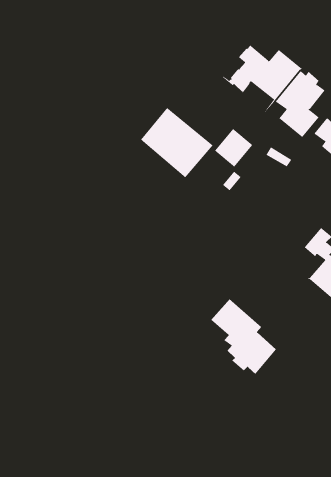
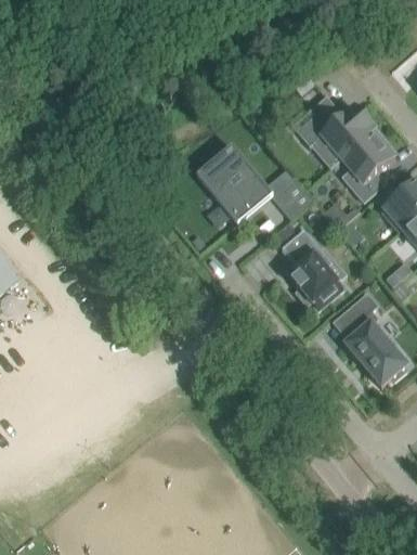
building: [210,298,277,375] -> [282,227,343,308]

